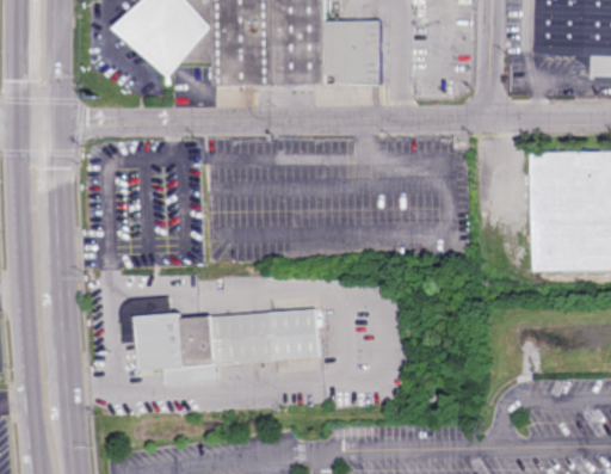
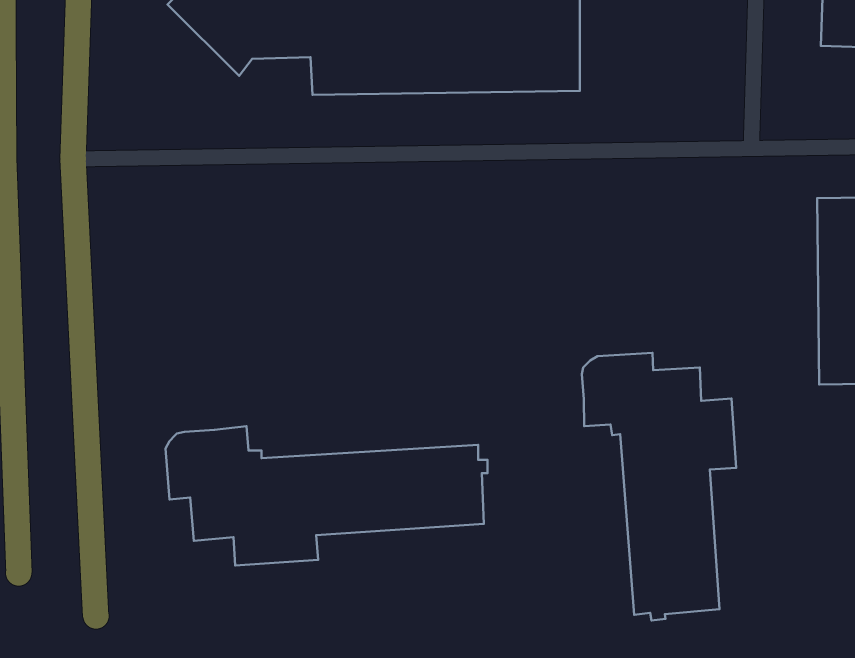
building: none -> [582,353,736,621]

